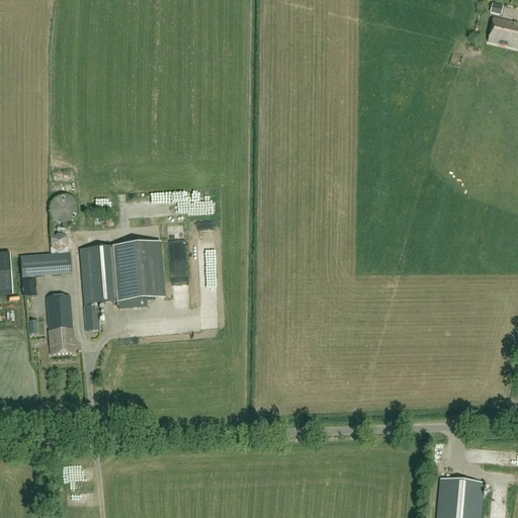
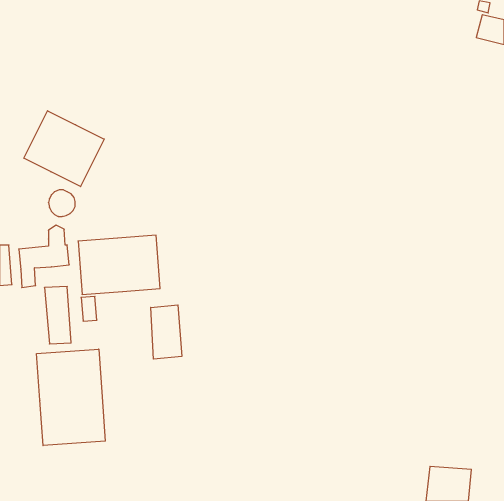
building: none -> [24,111,104,187]
building: none -> [151,305,182,359]
building: none -> [37,349,105,446]

